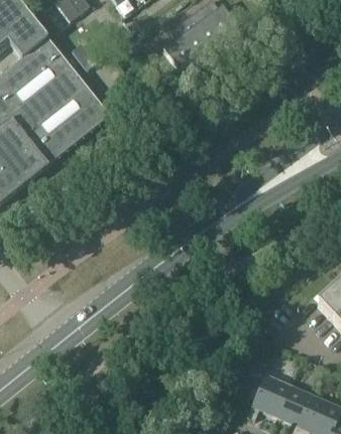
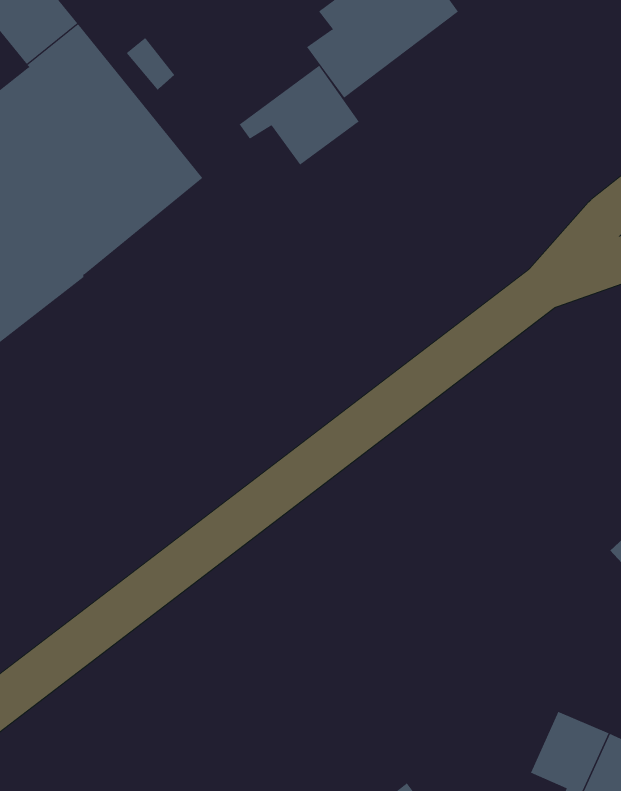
building: none -> [239,65,359,166]
building: [246,364,294,419] -> none

